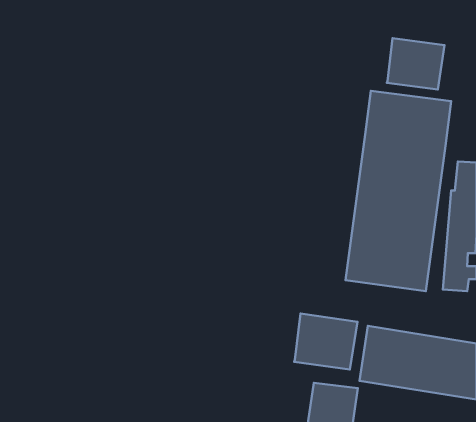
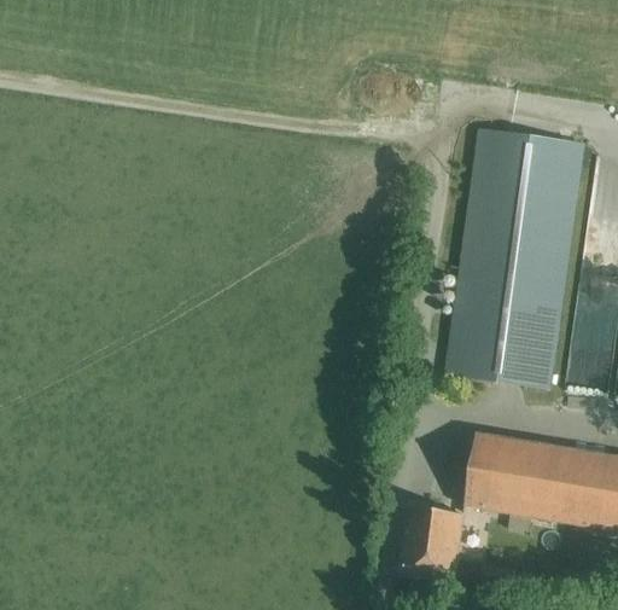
building: [387,38,445,90] -> none
building: [294,314,357,370] -> none

